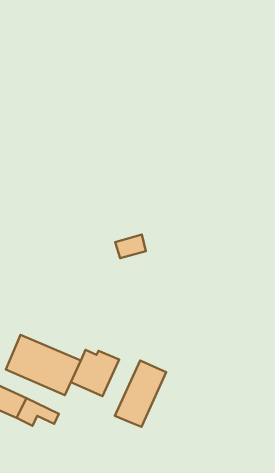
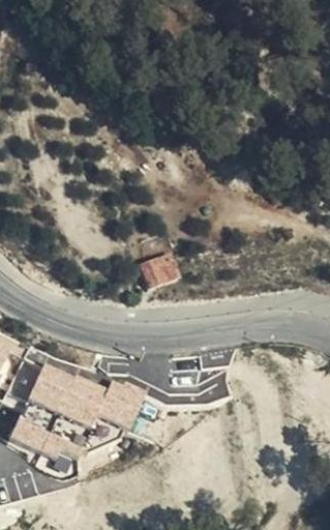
building: [115,360,166,427] -> none

